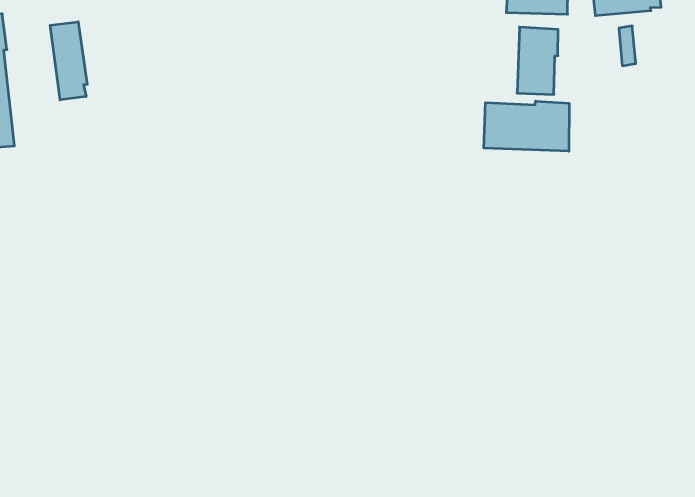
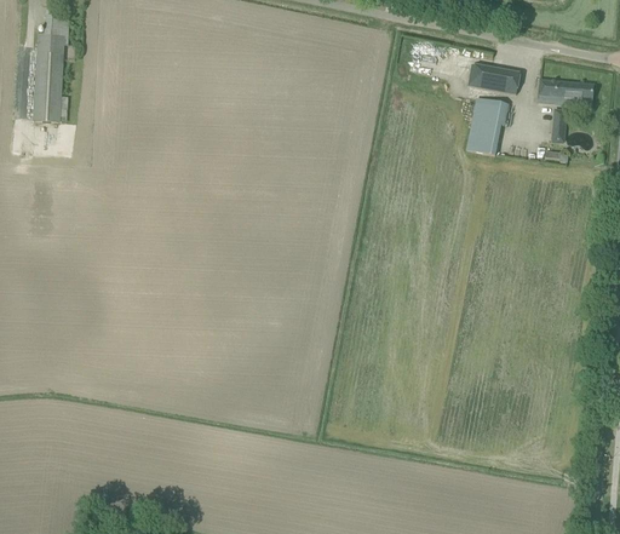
building: [50,22,87,100] -> none
building: [484,101,569,151] -> none

